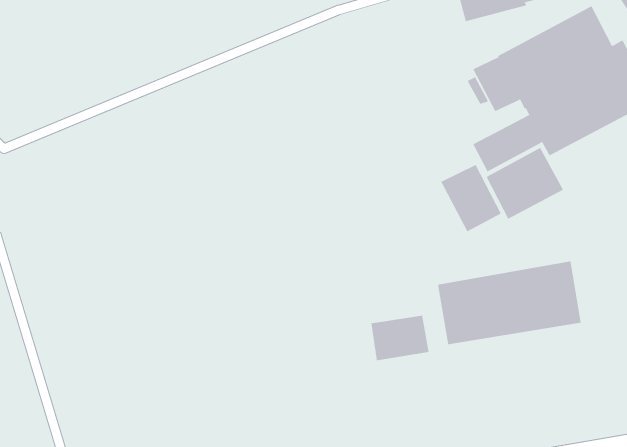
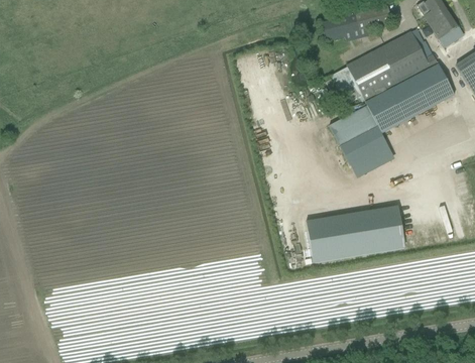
building: [441,164,501,232] -> none
building: [371,315,429,361] -> none

